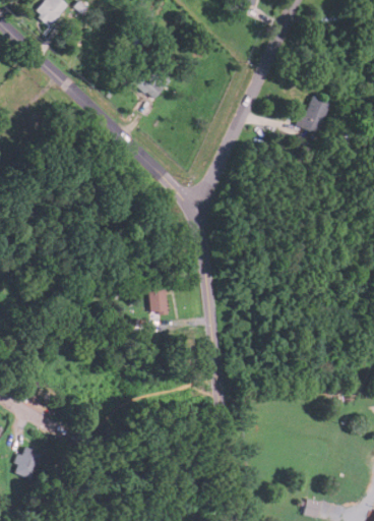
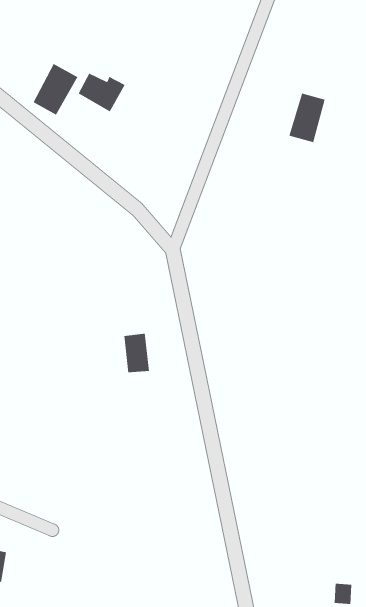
building: none -> [33,63,78,116]

